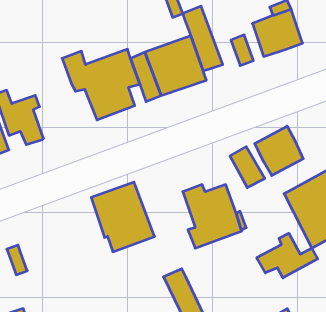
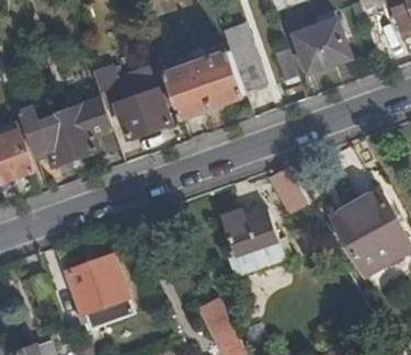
building: none -> [61,100,112,159]
building: [255,126,303,176] -> none
building: [91,182,155,252] -> [67,254,135,329]
building: [257,233,318,278] -> none

